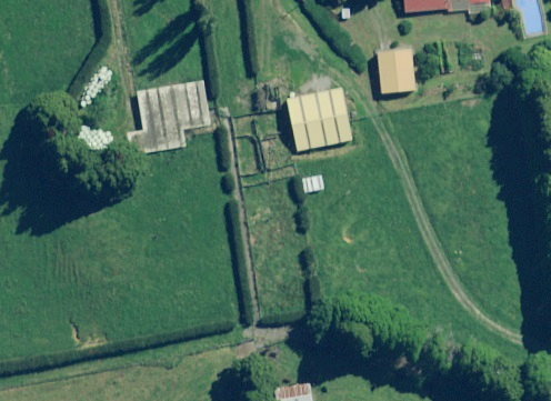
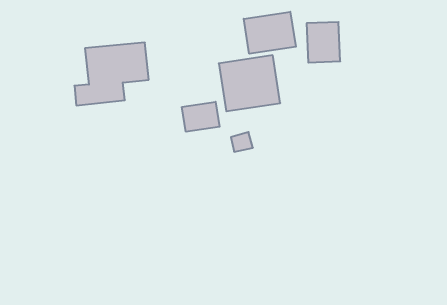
building: none -> [244,12,296,54]
building: none -> [182,102,220,132]

